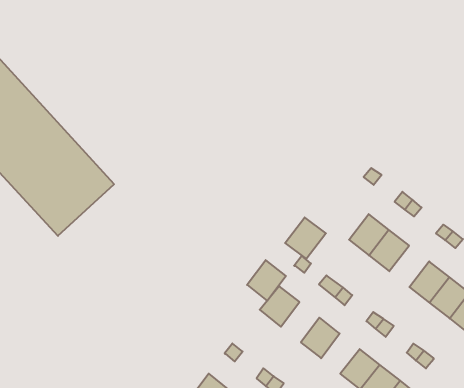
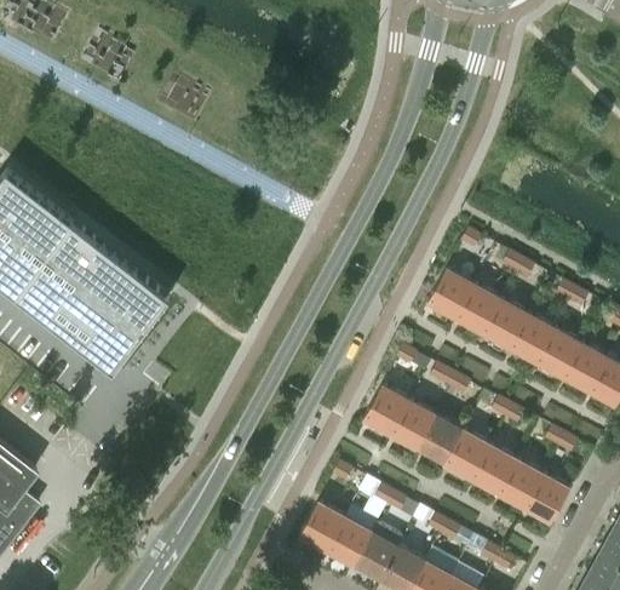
building: [285,217,326,259] -> [427,270,473,319]
building: none -> [509,314,553,362]
building: [247,260,286,301] -> [392,401,436,448]
building: none -> [446,430,489,477]

